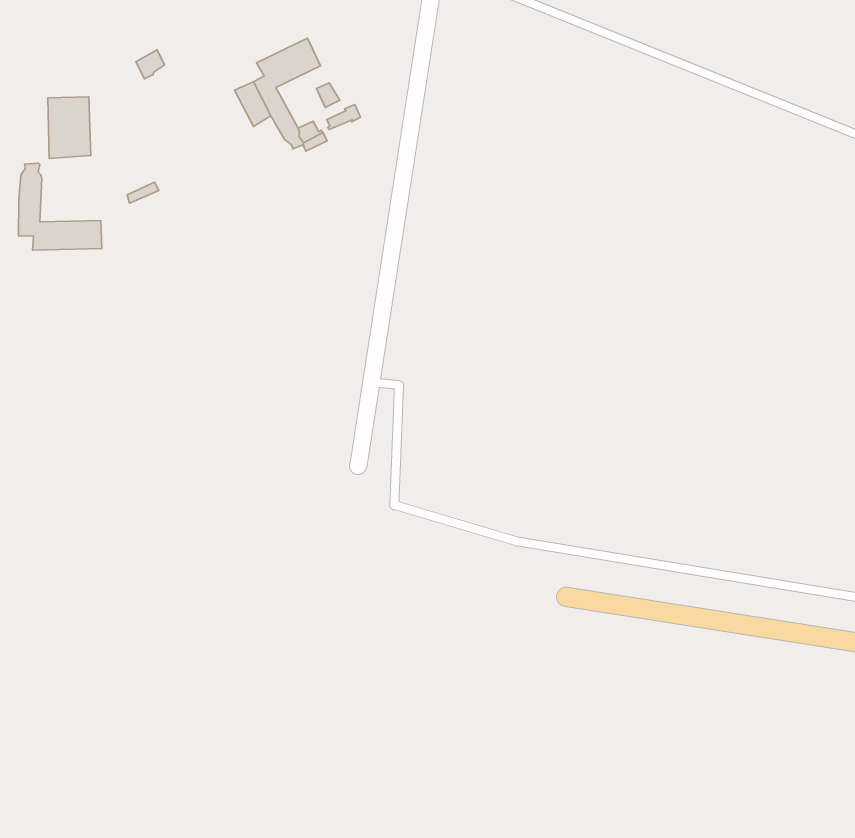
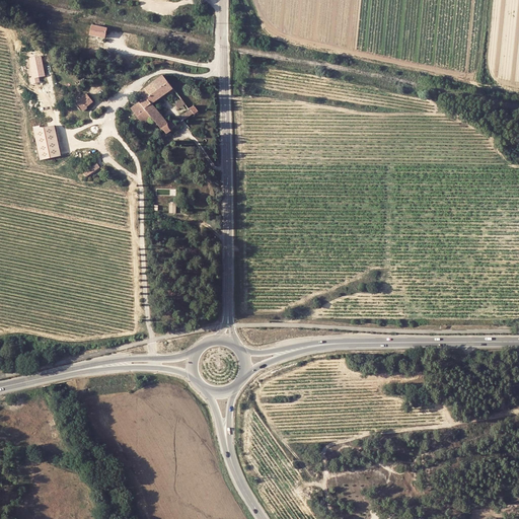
building: [19,163,102,250] -> none

